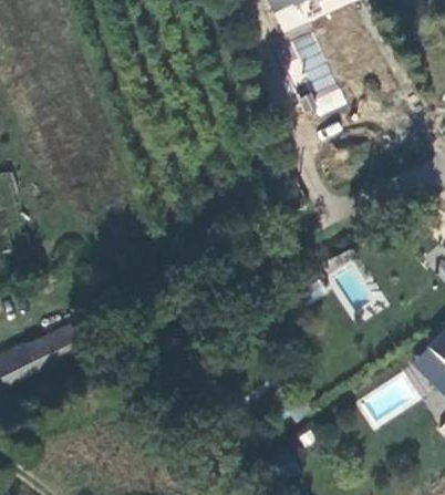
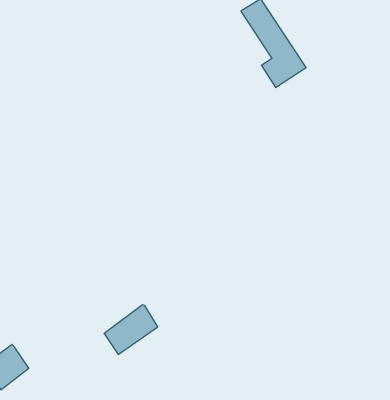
building: [29,327,82,372] -> [104,305,158,354]

